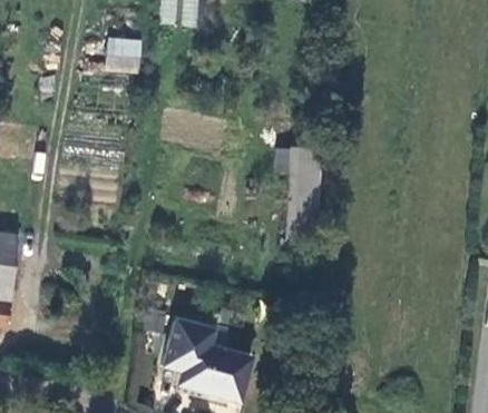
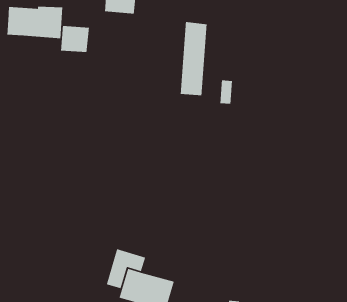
building: none -> [6,6,63,39]
building: [284,145,319,238] -> [180,21,208,96]

